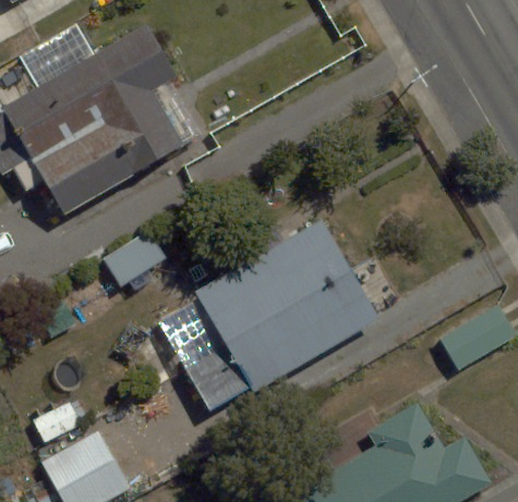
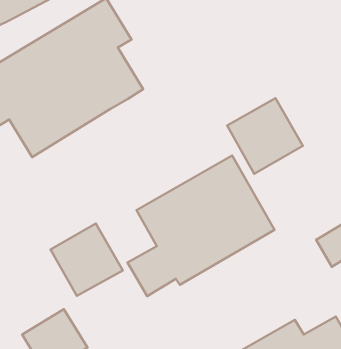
building: none -> [227,98,303,174]
building: none -> [50,223,123,296]

